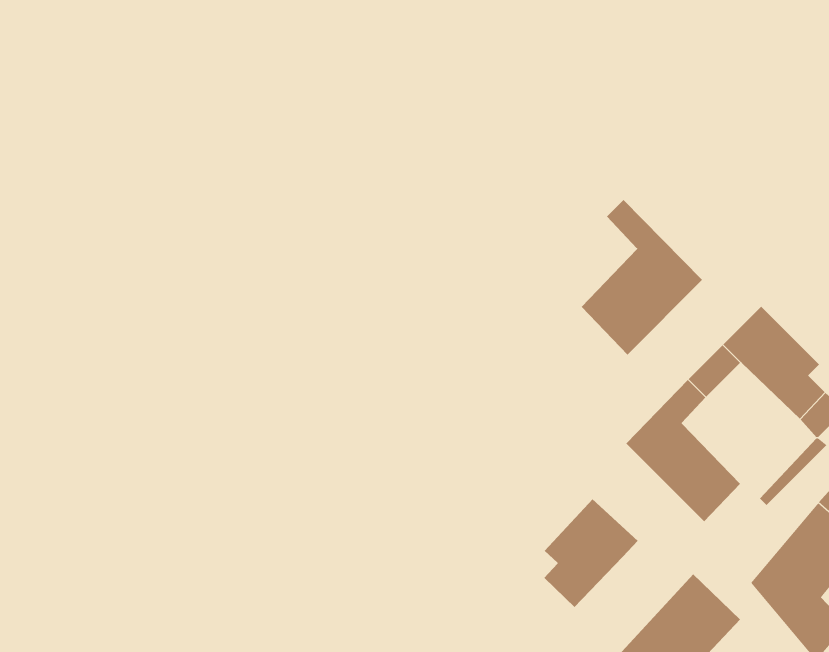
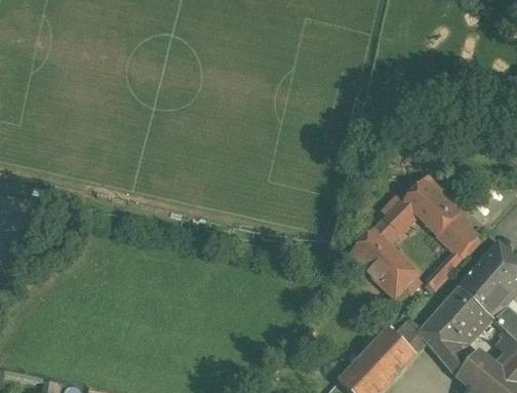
building: [581,199,703,355] -> none
building: [543,498,638,608] -> none

